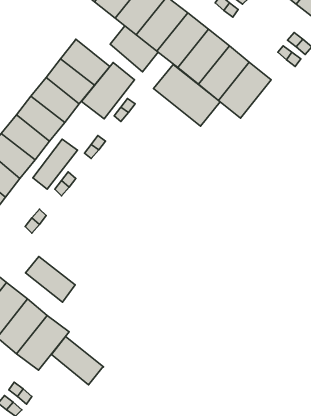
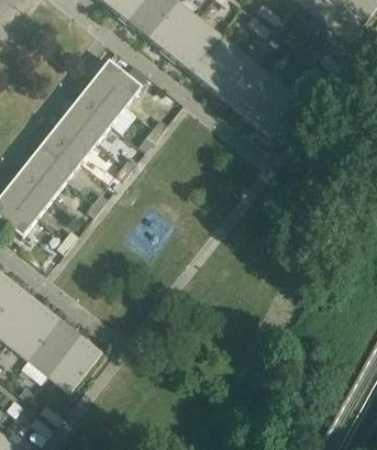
building: [110,26,158,72] -> none
building: [81,63,134,119] -> none
building: [154,64,220,126] -> none
building: [33,139,77,189] -> none
building: [25,256,75,302] -> none
building: [52,336,104,385] -> none

